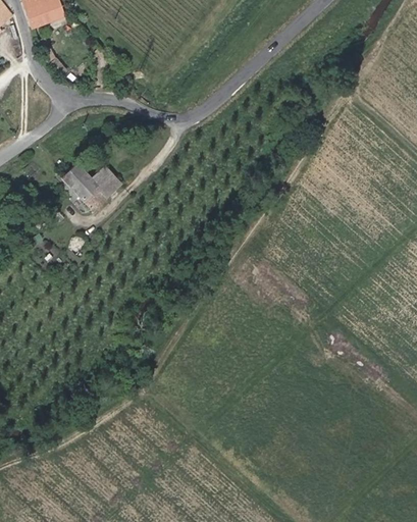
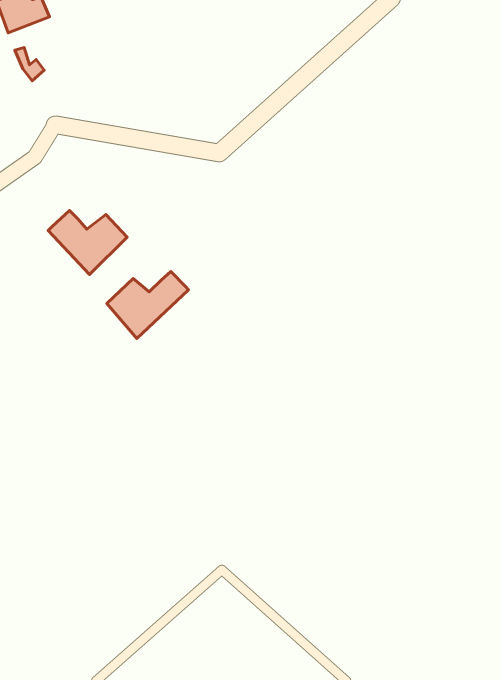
building: none -> [107,271,189,339]

